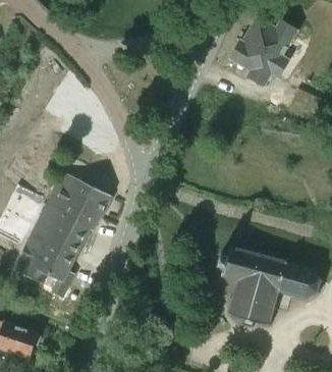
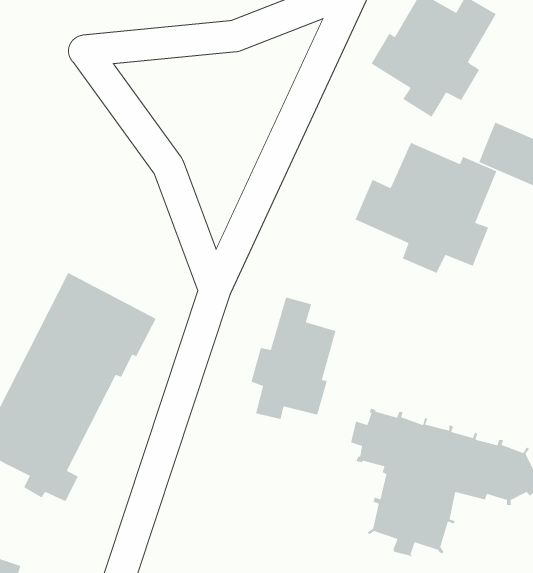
building: none -> [355,142,497,274]
building: none -> [250,296,337,420]

